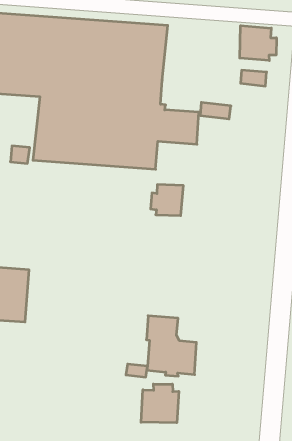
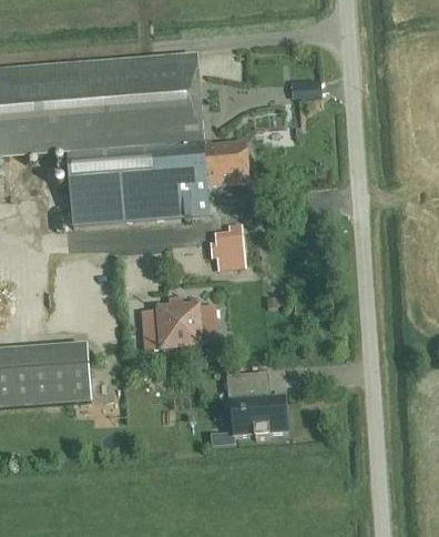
building: [240,26,276,61] -> none
building: none -> [142,301,214,344]
building: [141,384,179,423] -> none

